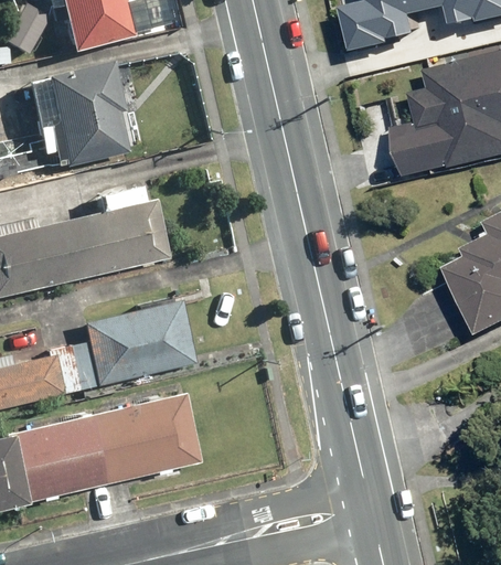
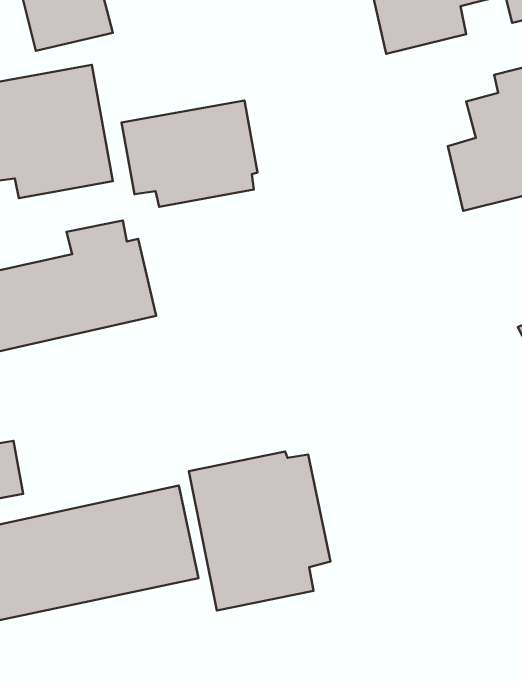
building: none -> [122,101,257,207]
building: [82,300,194,385] -> none
building: none -> [189,452,330,610]

